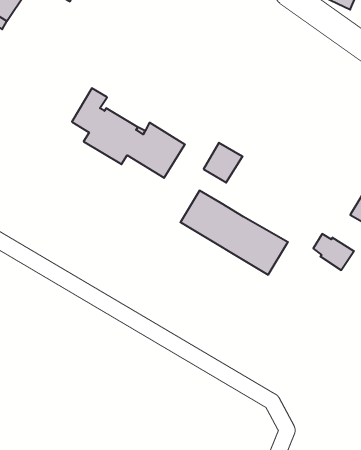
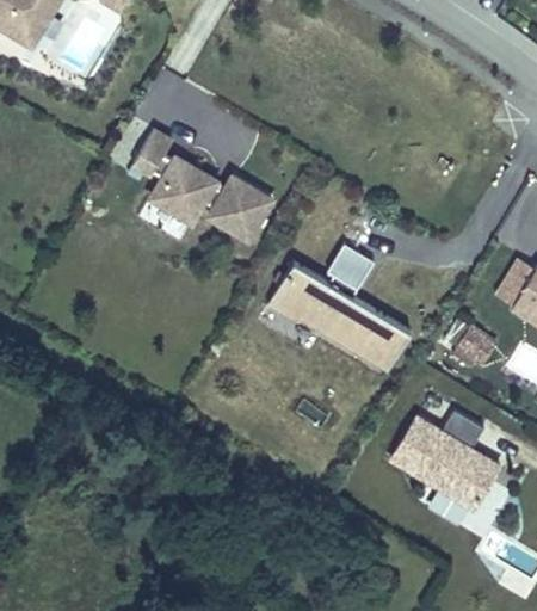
building: [204,143,243,183] -> [323,243,375,296]
building: none -> [388,409,501,511]

